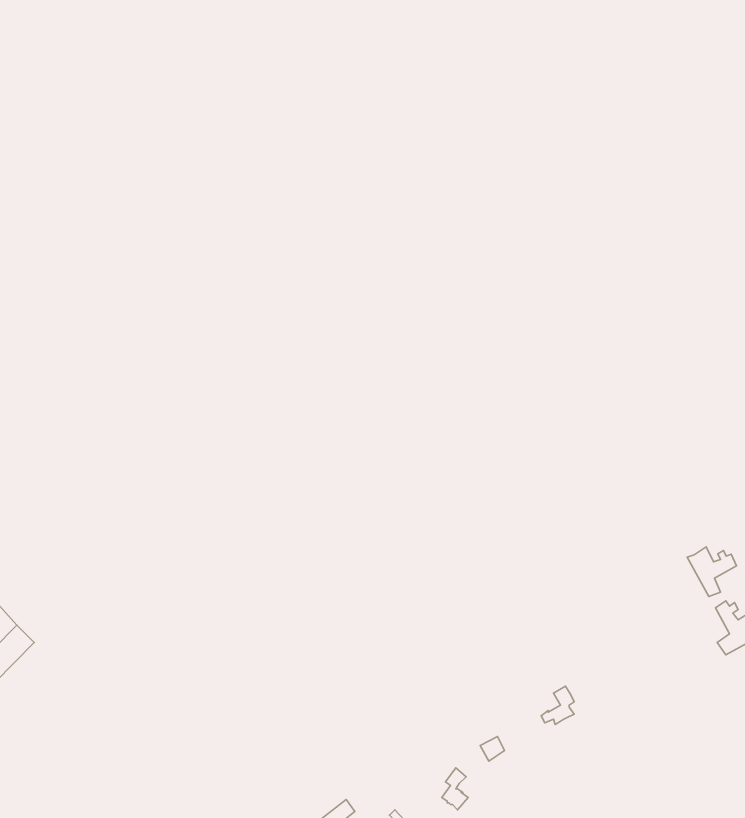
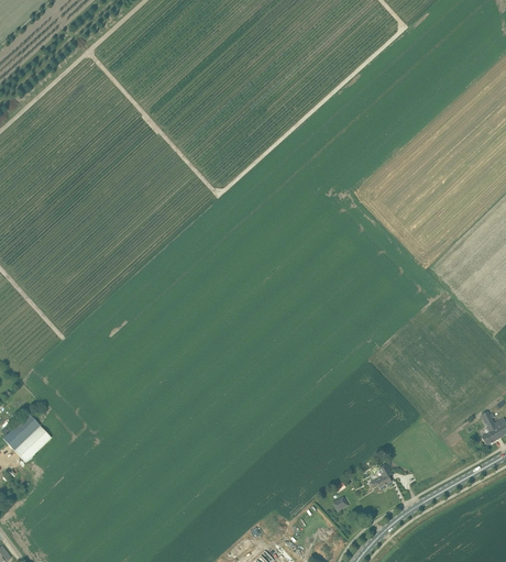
building: [687,547,736,597] -> none

